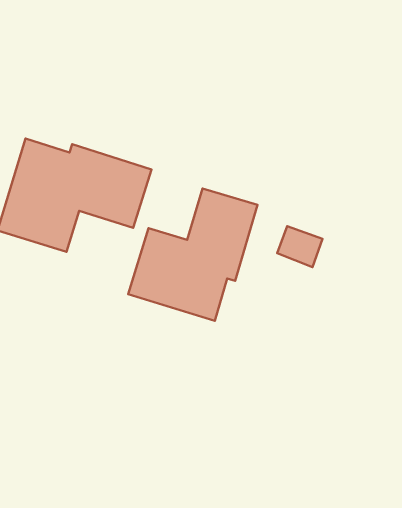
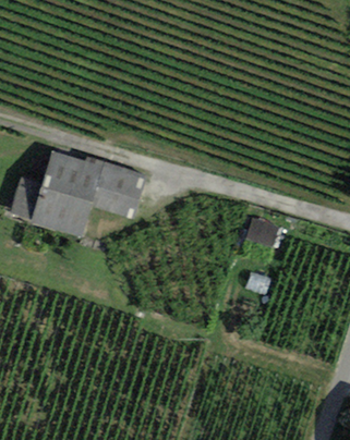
building: [128,188,258,321] -> none

